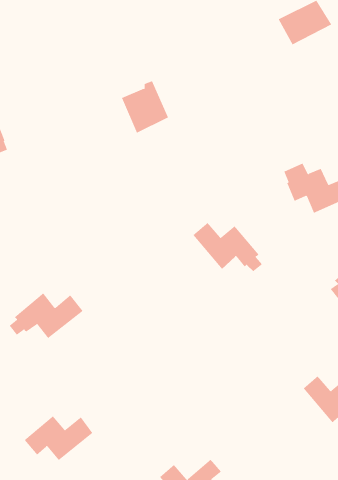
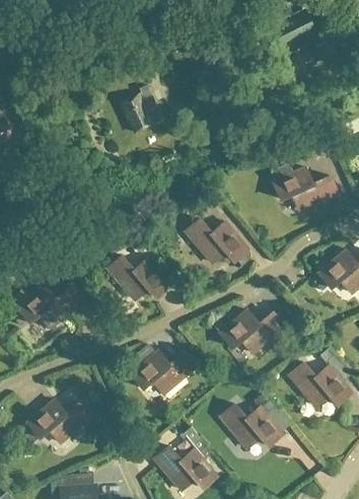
building: none -> [107,256,170,299]
building: none -> [213,309,285,353]
building: none -> [124,351,196,394]
building: none -> [220,399,283,447]

